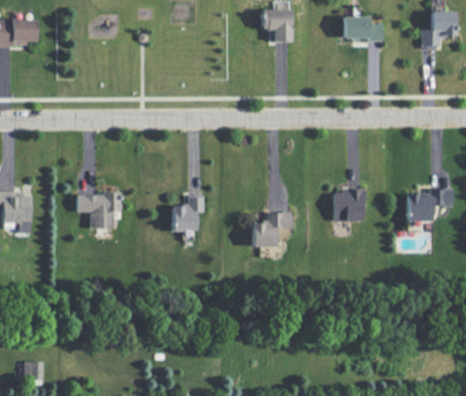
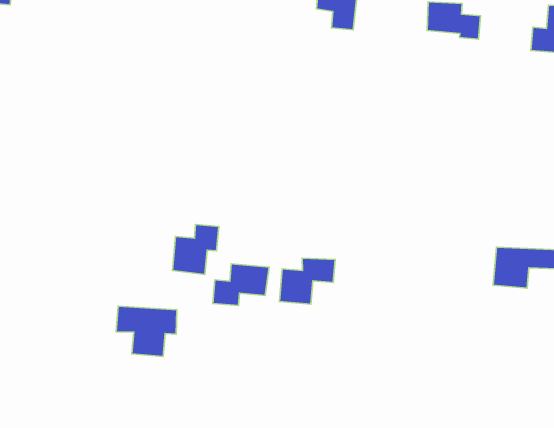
building: [334,190,365,221] -> none
building: [77,193,122,228] -> [116,306,177,356]
building: none -> [213,264,269,306]

